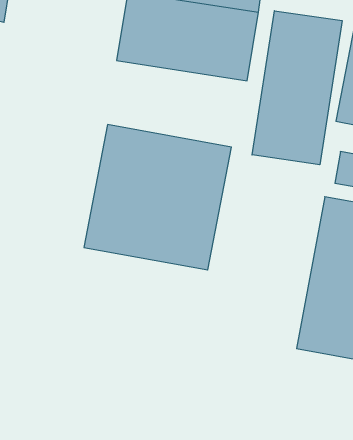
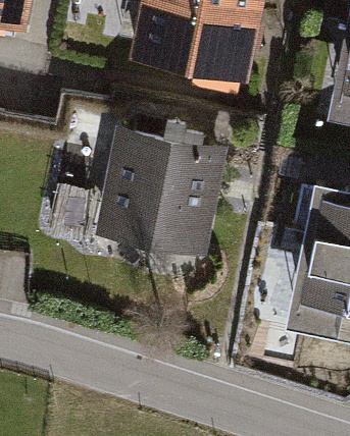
building: [252,11,342,165] -> none

